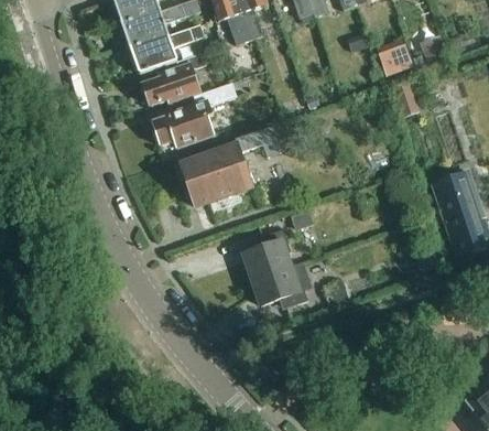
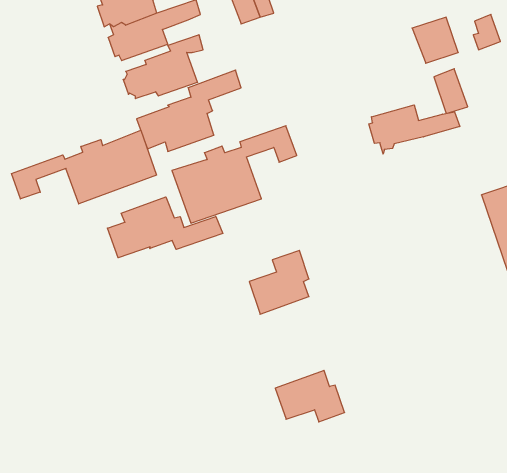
building: none -> [369,105,460,154]
building: none -> [12,130,157,204]
building: none -> [107,197,223,258]
building: [252,266,308,308] -> [275,370,345,422]

